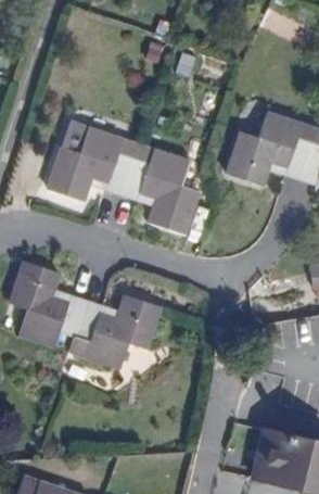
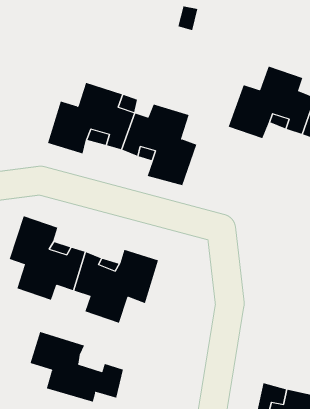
building: none -> [30,331,123,403]

